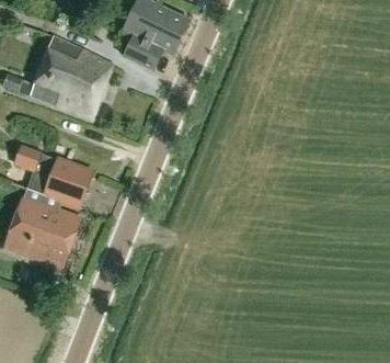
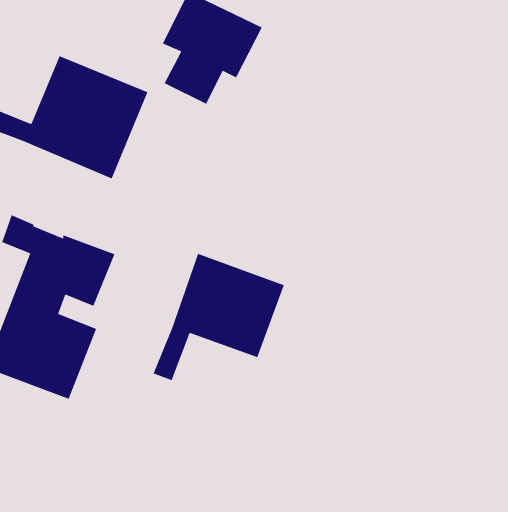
building: none -> [152,253,285,381]

